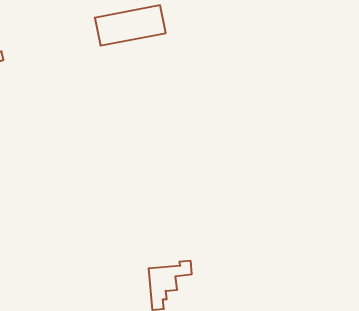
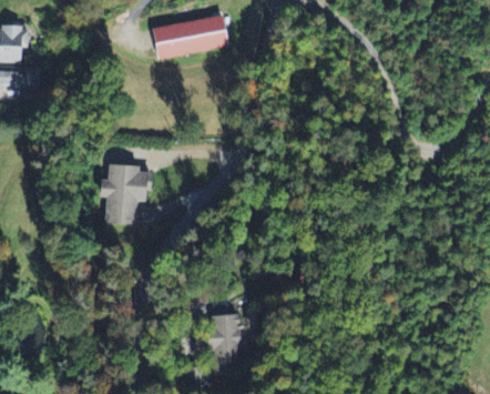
building: none -> [93,168,149,224]

